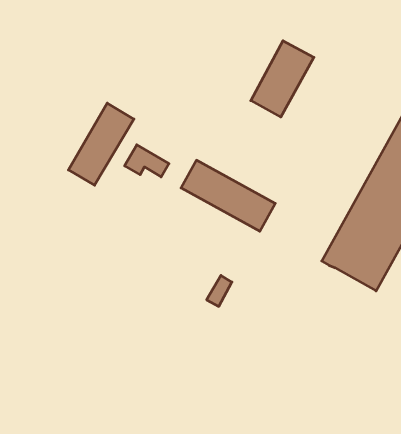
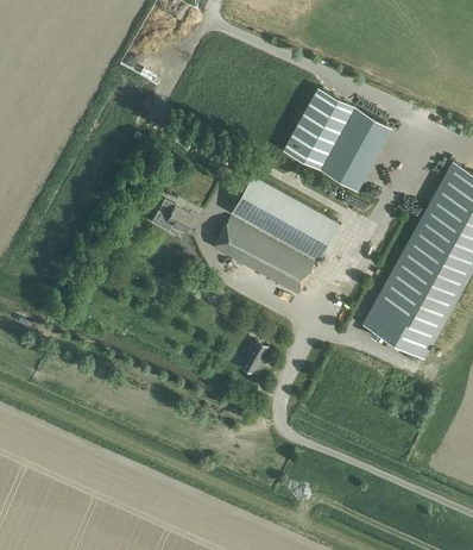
building: none -> [321,108,386,188]
building: [68,103,134,185] -> none
building: none -> [232,176,338,261]

